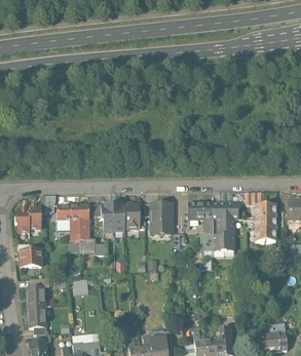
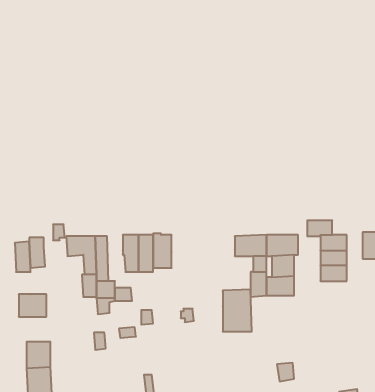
building: [151,201,174,234] -> [223,289,252,332]

